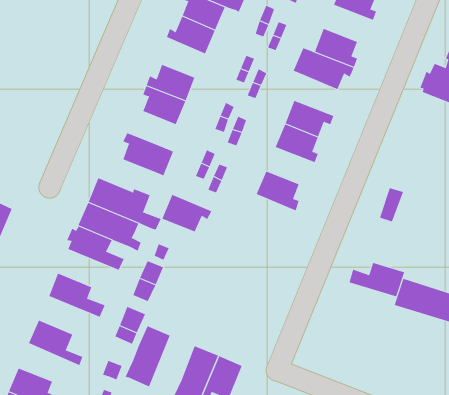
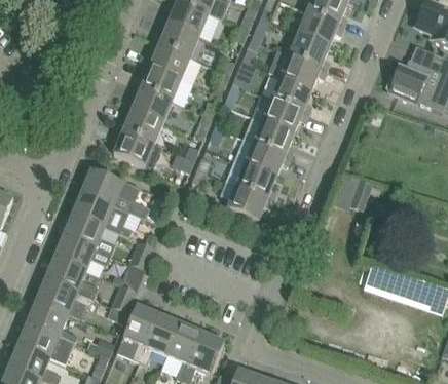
building: none -> [298,11,344,45]
building: none -> [145,41,190,78]
building: none -> [271,76,312,113]
building: none -> [118,109,163,143]
building: none -> [246,142,291,176]
building: [162,194,212,232] -> [227,185,273,220]
building: none -> [54,235,111,270]
building: [349,262,405,297] -> none
building: none -> [37,278,94,313]
building: none -> [139,314,180,364]
building: none -> [18,321,75,363]

